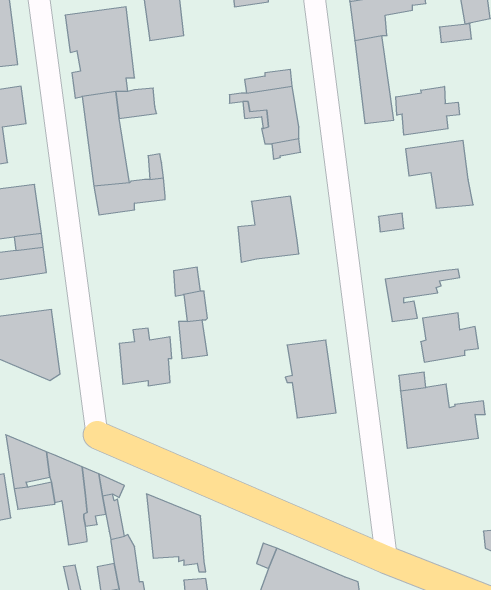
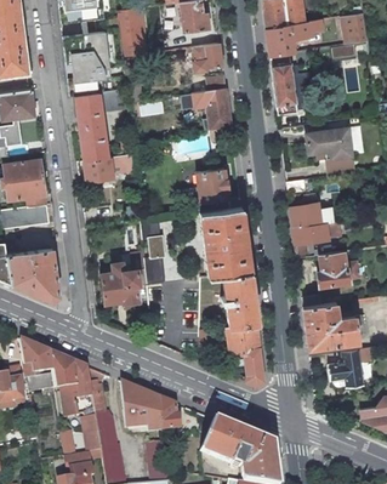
building: none -> [193,44,223,73]
building: [396,86,459,135] -> none
building: none -> [290,203,334,228]
building: none -> [200,209,250,278]
building: none -> [110,254,147,285]
building: none -> [229,324,264,387]
building: none -> [326,349,363,387]
building: none -> [160,398,180,438]

